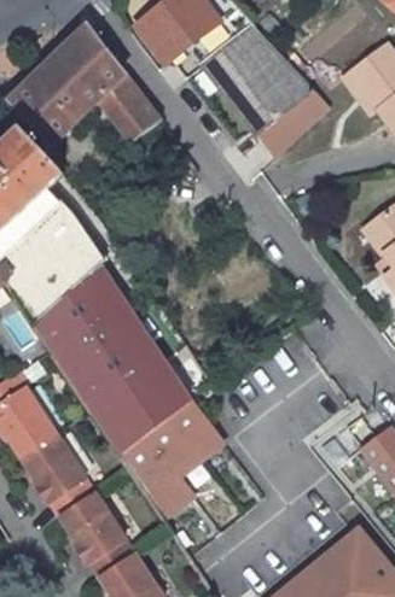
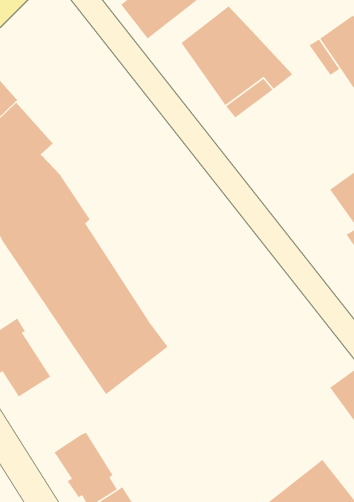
building: [10,25,168,146] -> none
building: [120,402,222,521] -> none
building: [23,435,93,519] -> none

